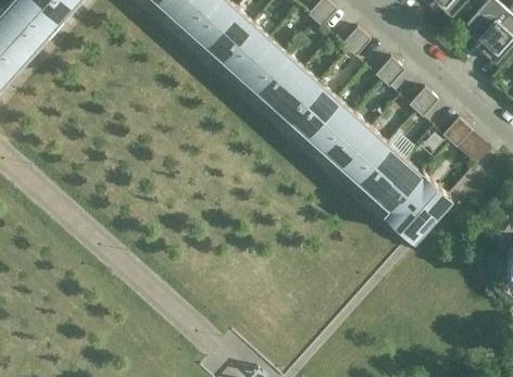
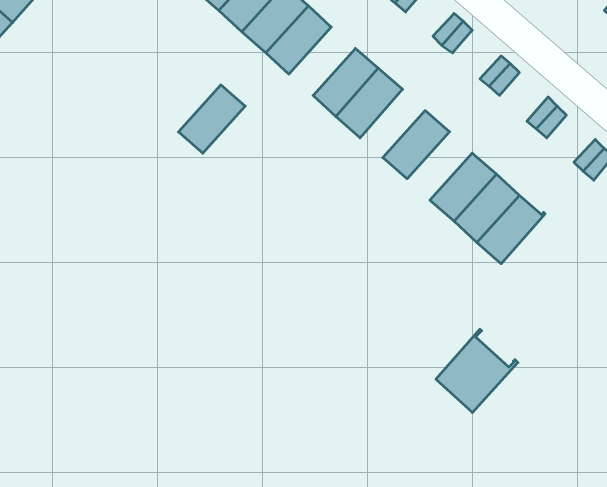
building: [239,40,287,89] -> [178,85,245,153]
building: [290,85,337,134] -> none
building: [324,115,371,164] -> none
building: [391,174,450,234] -> [436,329,518,413]

